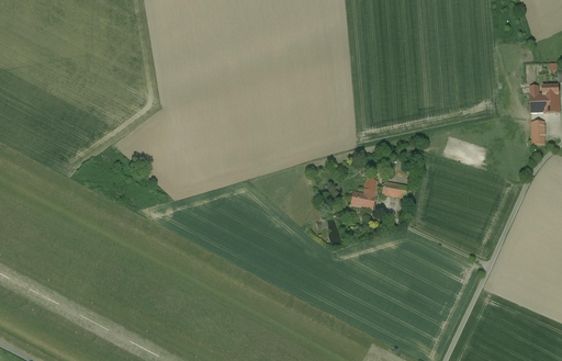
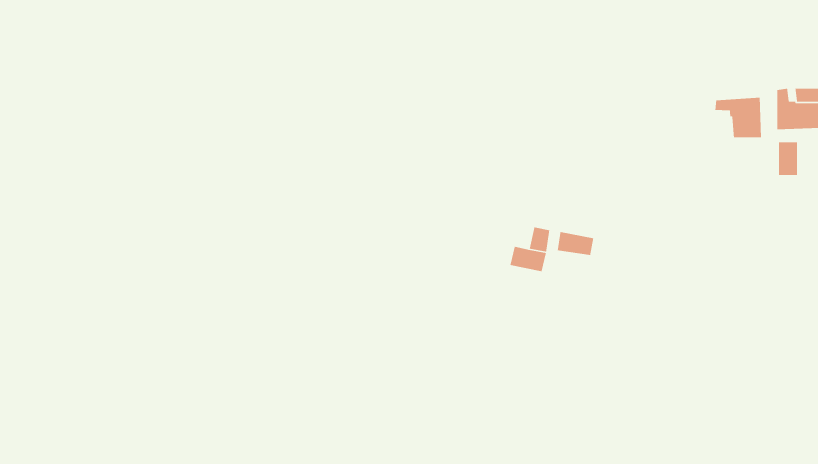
building: none -> [715,97,762,138]

